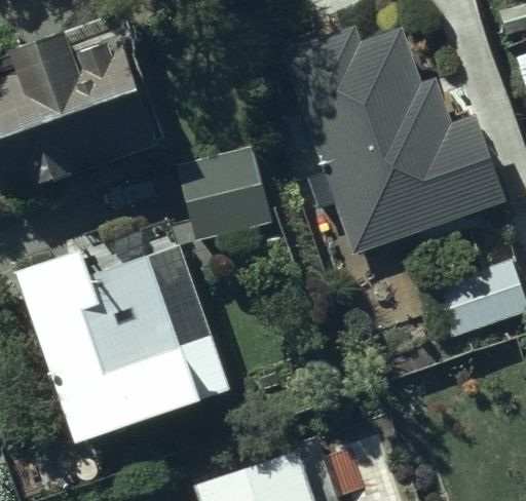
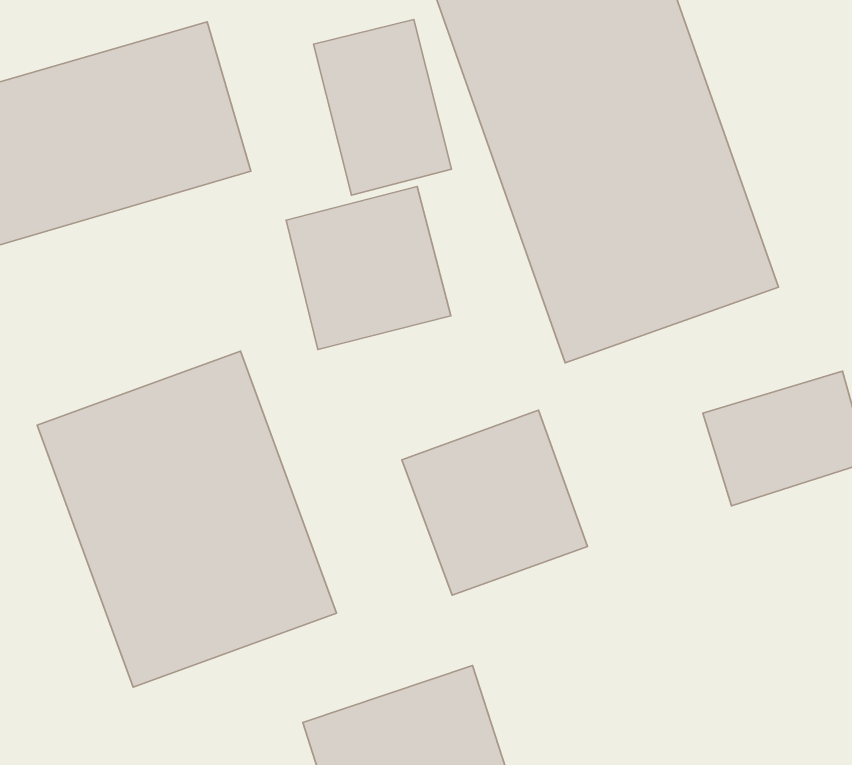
building: none -> [313,20,451,195]
building: none -> [402,410,587,595]

